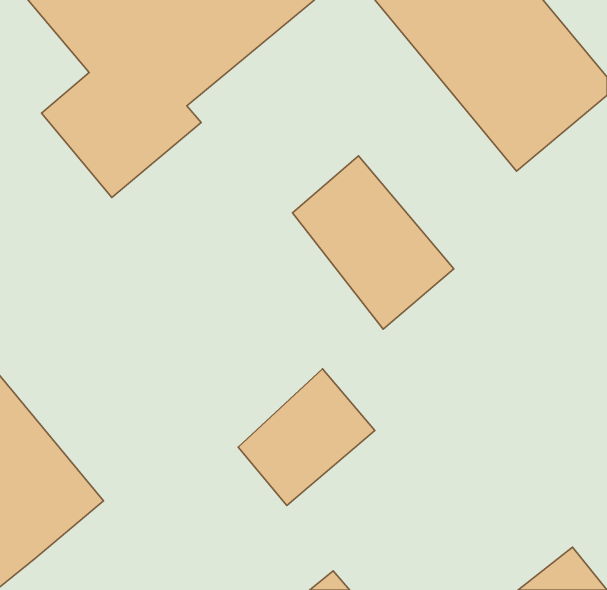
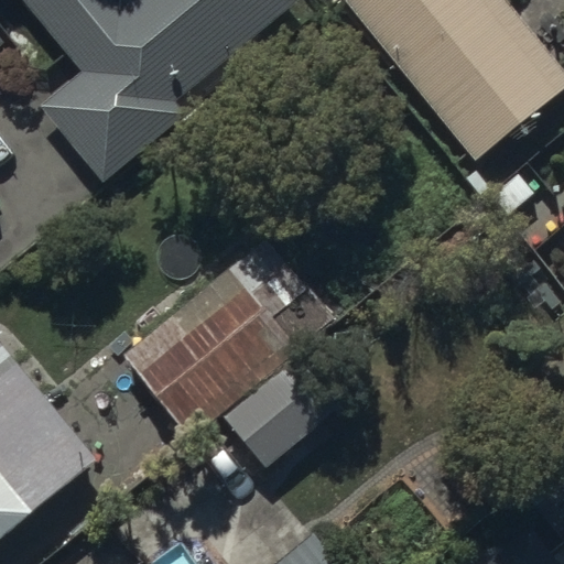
building: [292,156,454,329] -> none
building: none -> [122,263,299,437]

